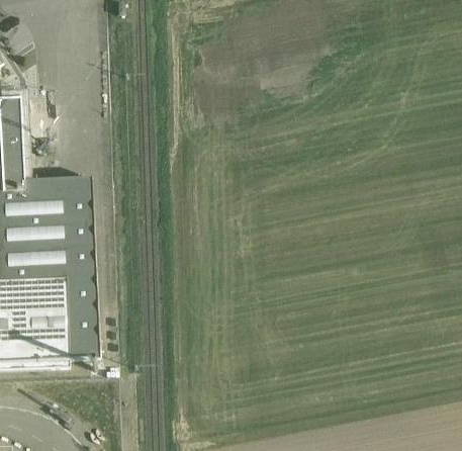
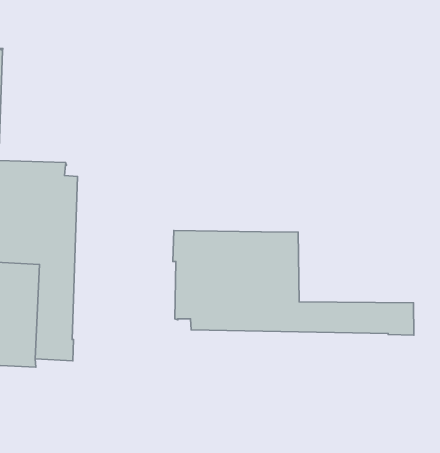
building: none -> [173,230,414,335]

